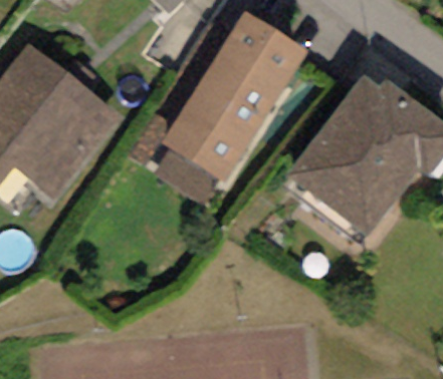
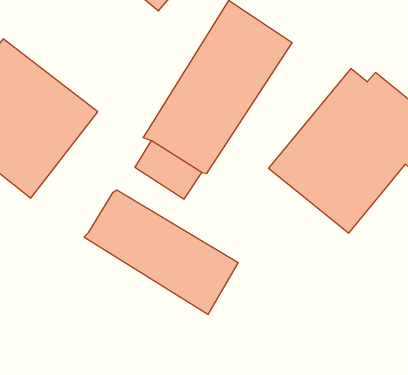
building: none -> [84,190,238,315]

